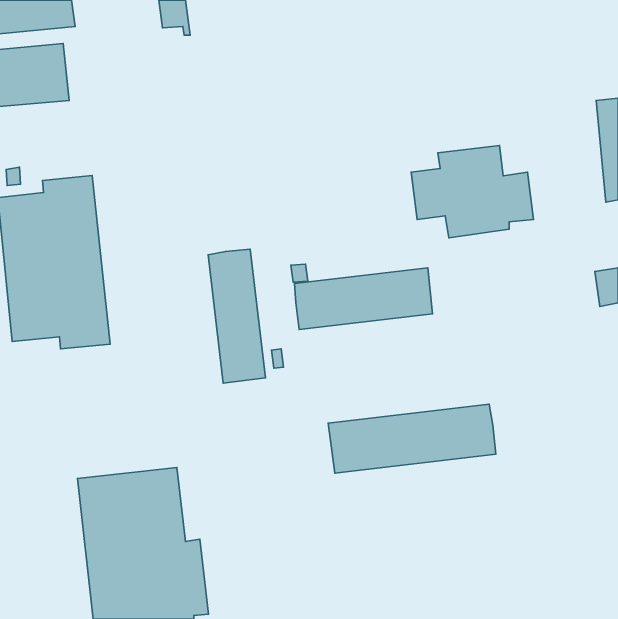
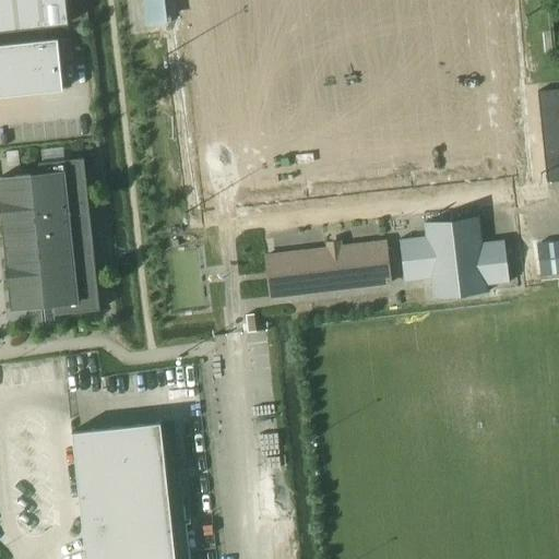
building: [411,146,534,238] -> [399,216,509,299]
building: [208,249,265,383] -> none
building: [328,404,496,473] -> none

